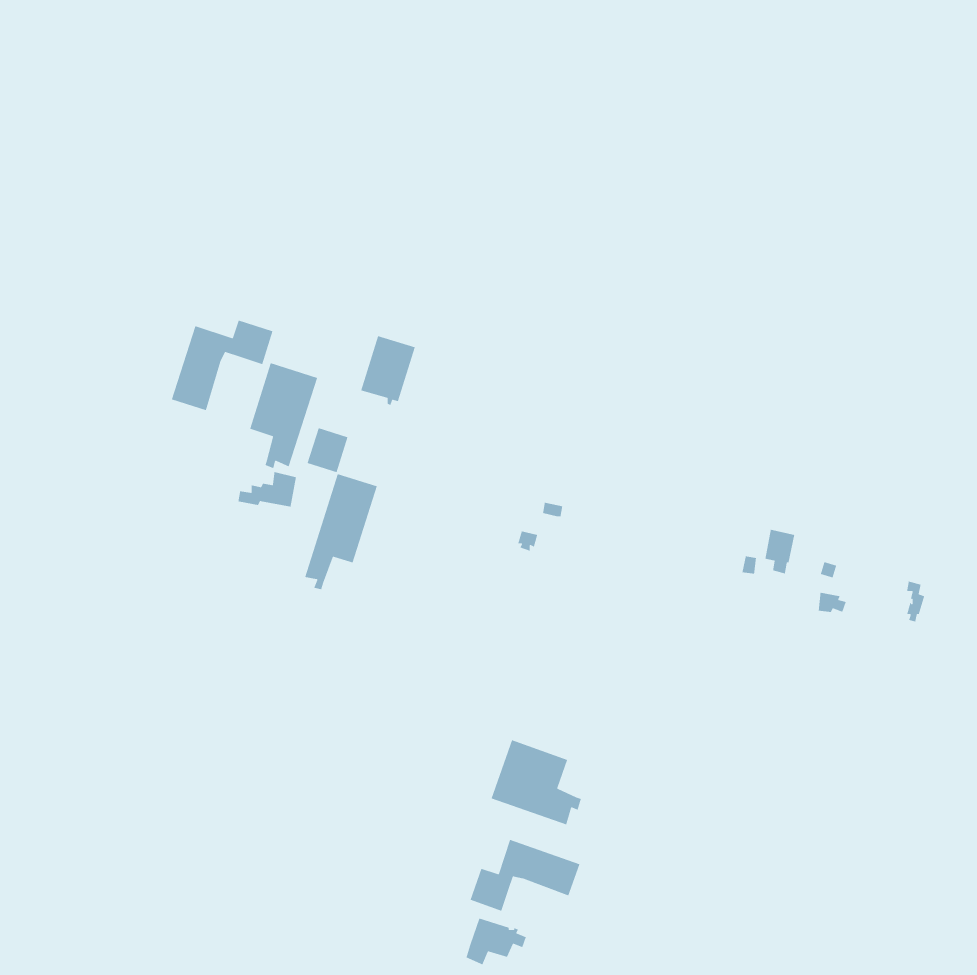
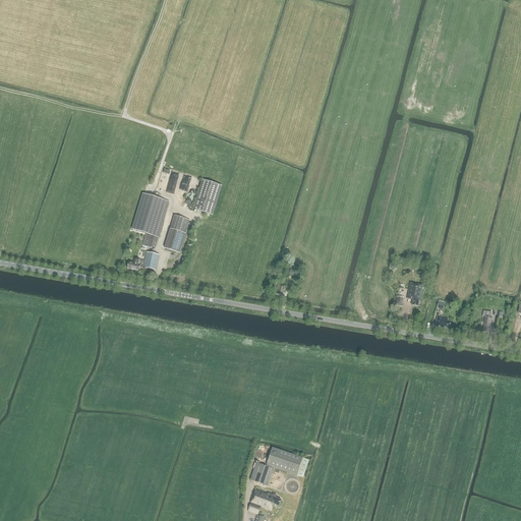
building: [171,320,274,411] -> none
building: [304,473,378,590] -> none
building: [490,739,582,826] -> none

